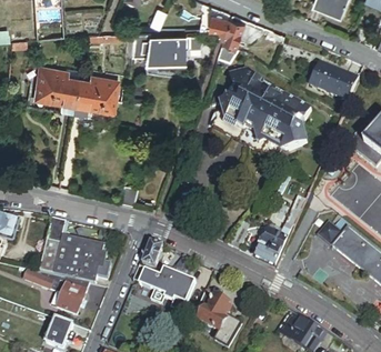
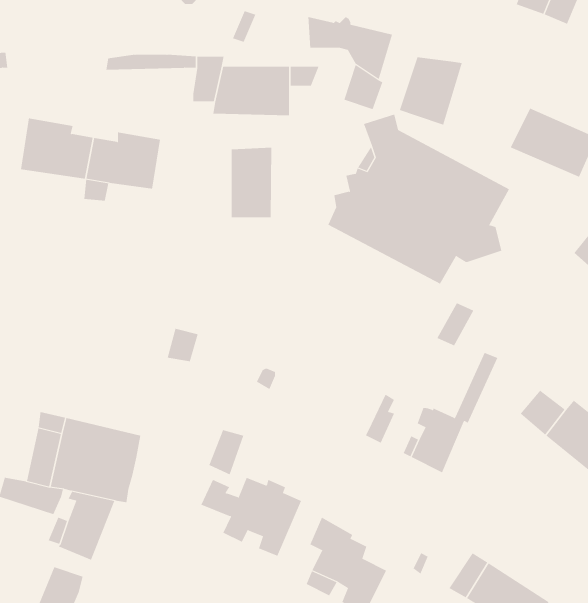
building: none -> [399,56,463,125]
building: none -> [231,147,272,218]

